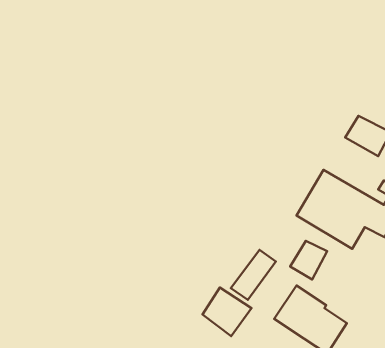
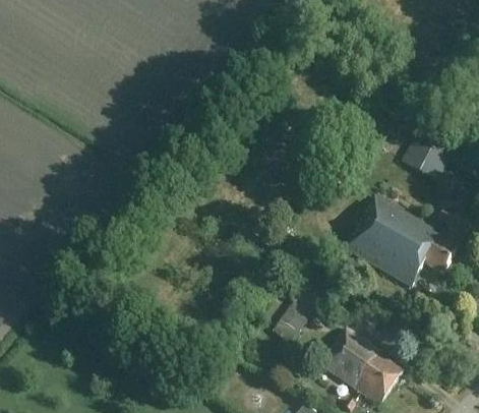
building: [290,241,327,280] -> none
building: [203,288,251,336] -> none

